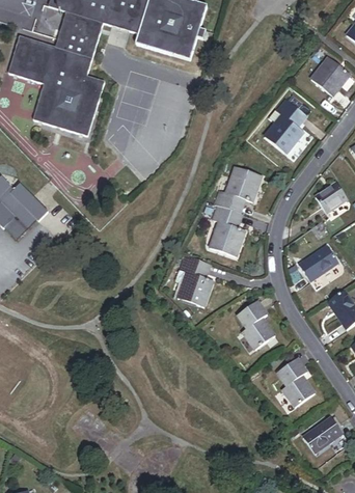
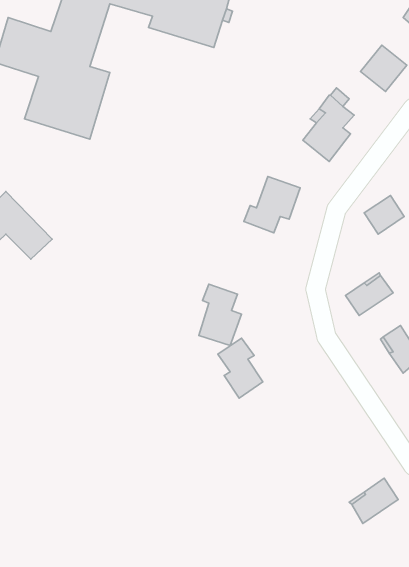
building: [209,204,245,256] -> none
building: [237,300,274,350] -> [218,338,263,398]
building: [277,358,315,407] -> none

